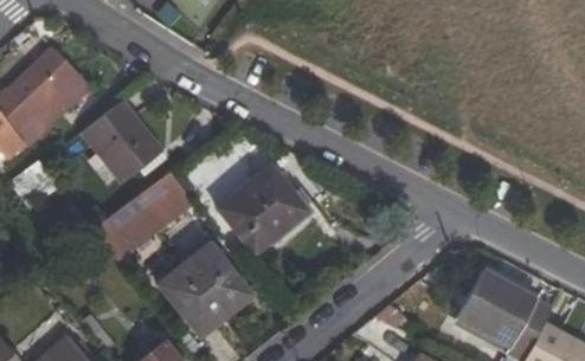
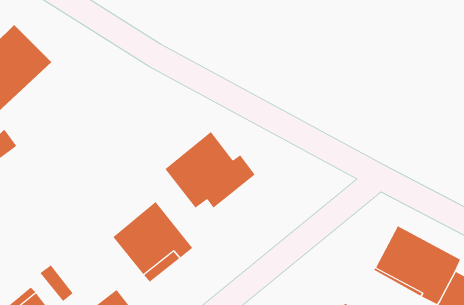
building: [81,103,166,185] -> none
building: [90,173,189,258] -> none

